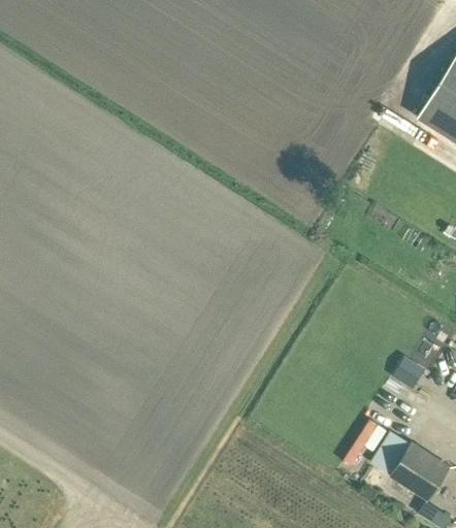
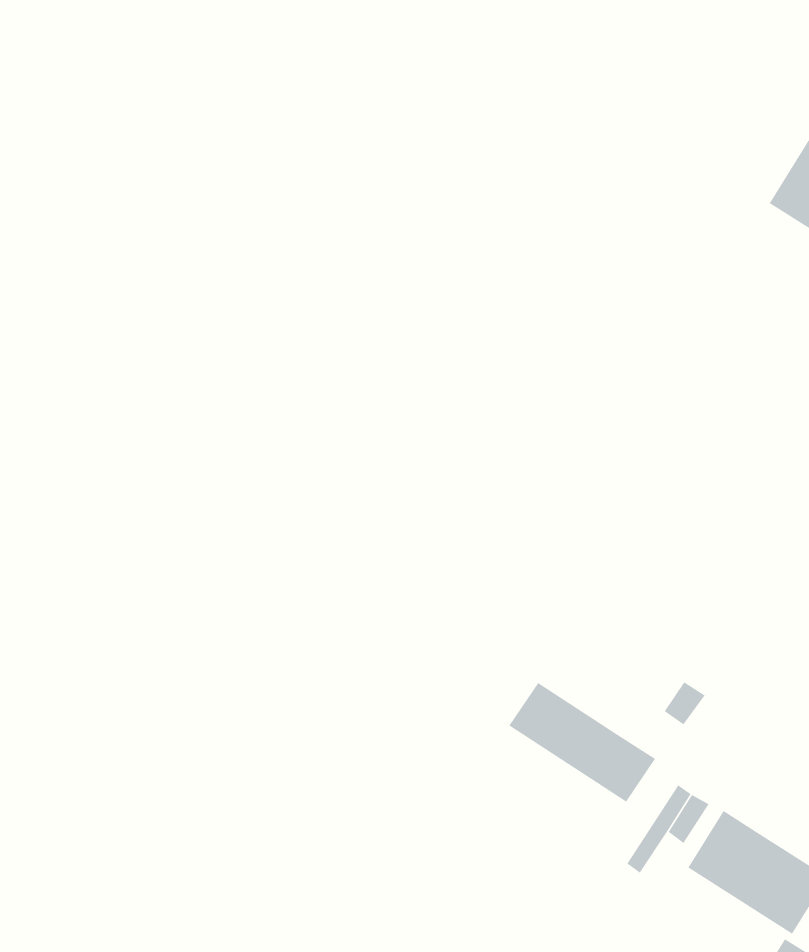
building: [392,358,425,390] -> none
building: none -> [508,682,656,802]

